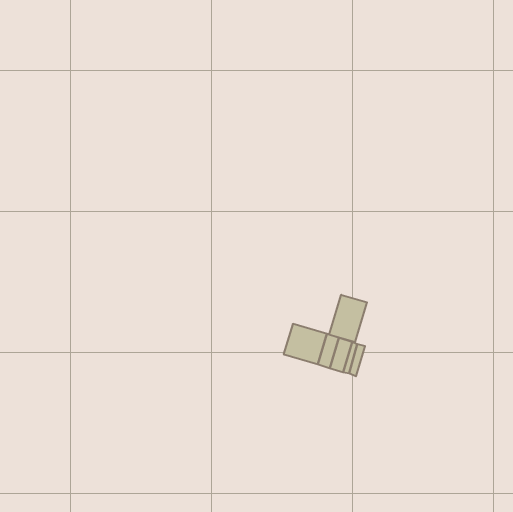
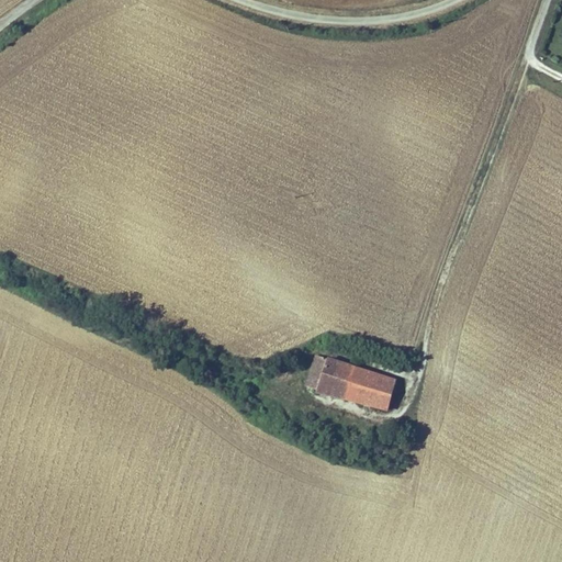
building: [329,295,367,342] -> none

